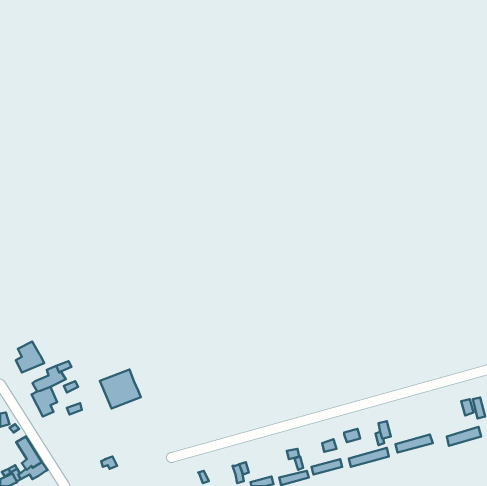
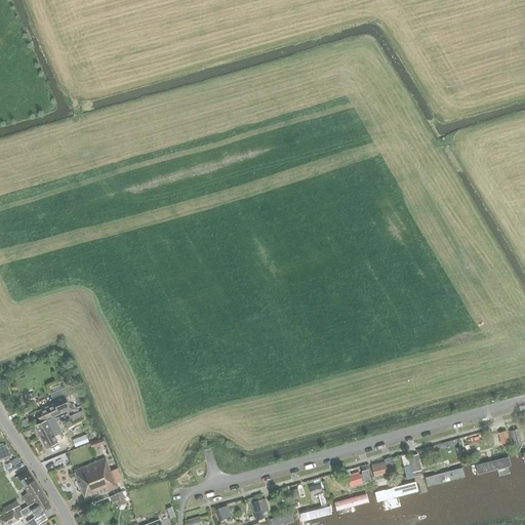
building: [16,342,44,372] -> none
building: [100,369,141,409] -> [73,457,117,499]

